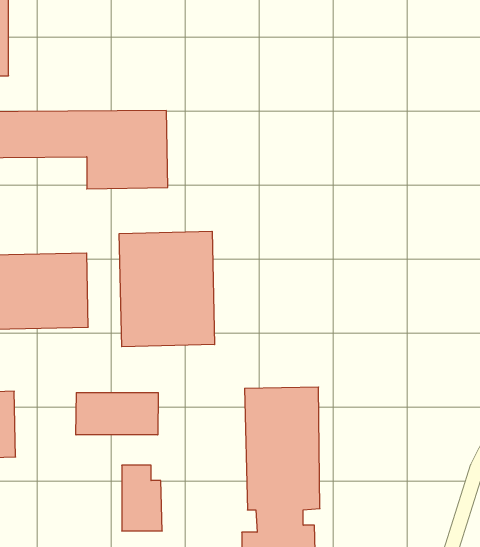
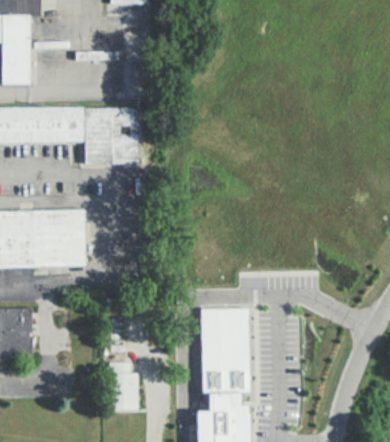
building: [119,231,215,347] -> none
building: [76,393,158,435] -> none

